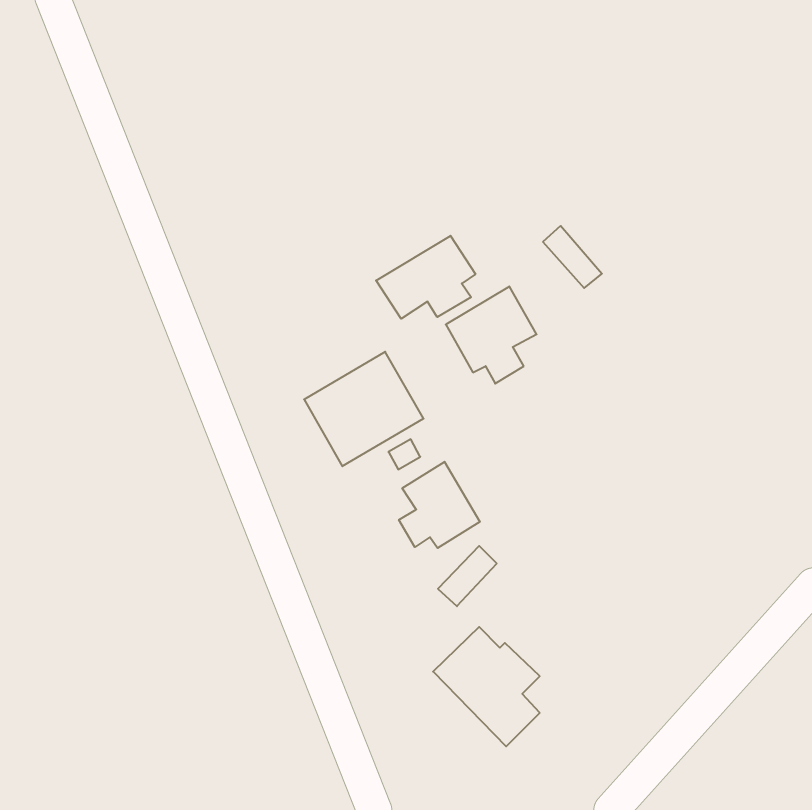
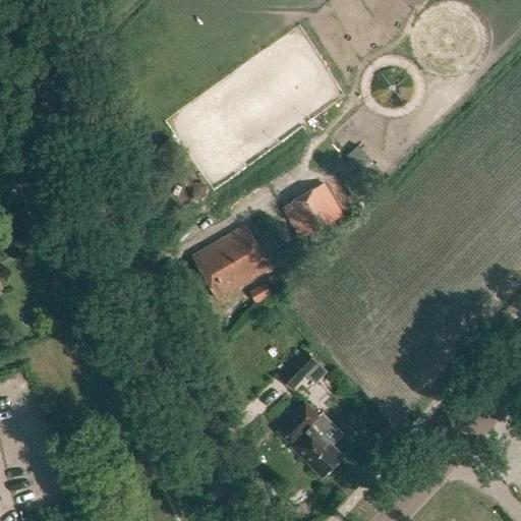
building: [376,236,475,319] -> none
building: [399,462,480,548] -> none

